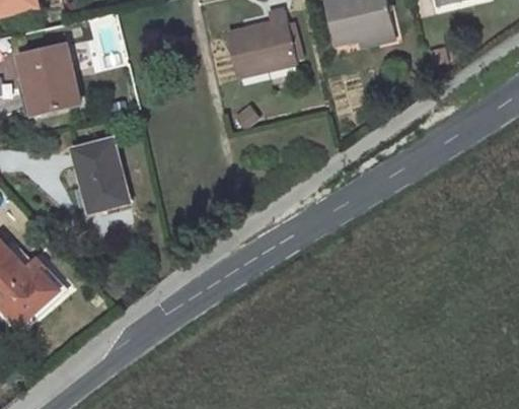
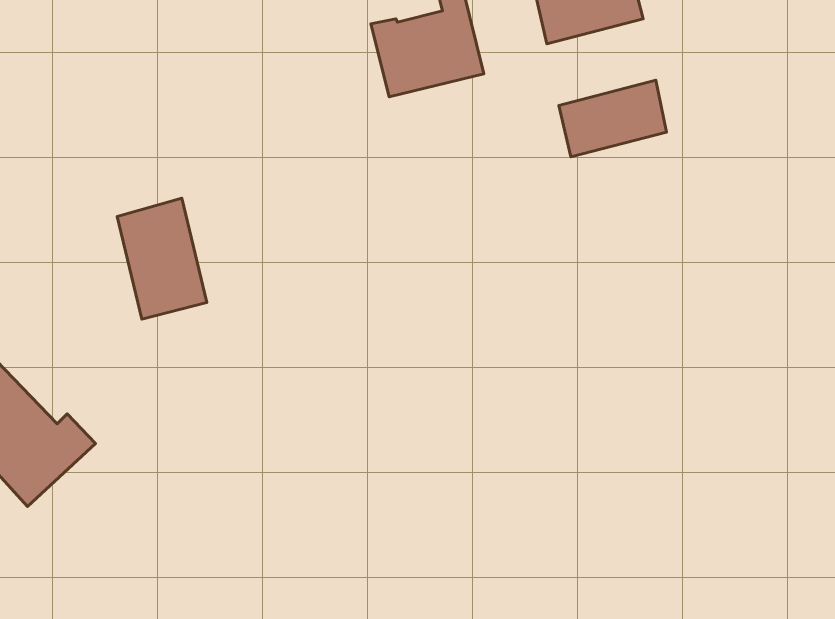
building: [17,43,80,114] -> none
building: none -> [559,80,667,157]

